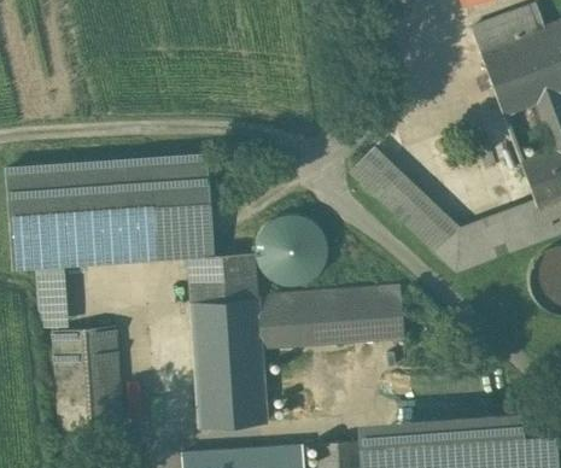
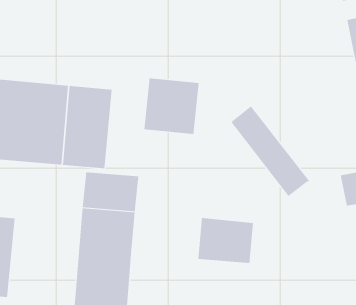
building: [273,215,338,281] -> [144,78,199,134]
building: [437,215,508,270] -> none
building: [257,292,340,349] -> none

